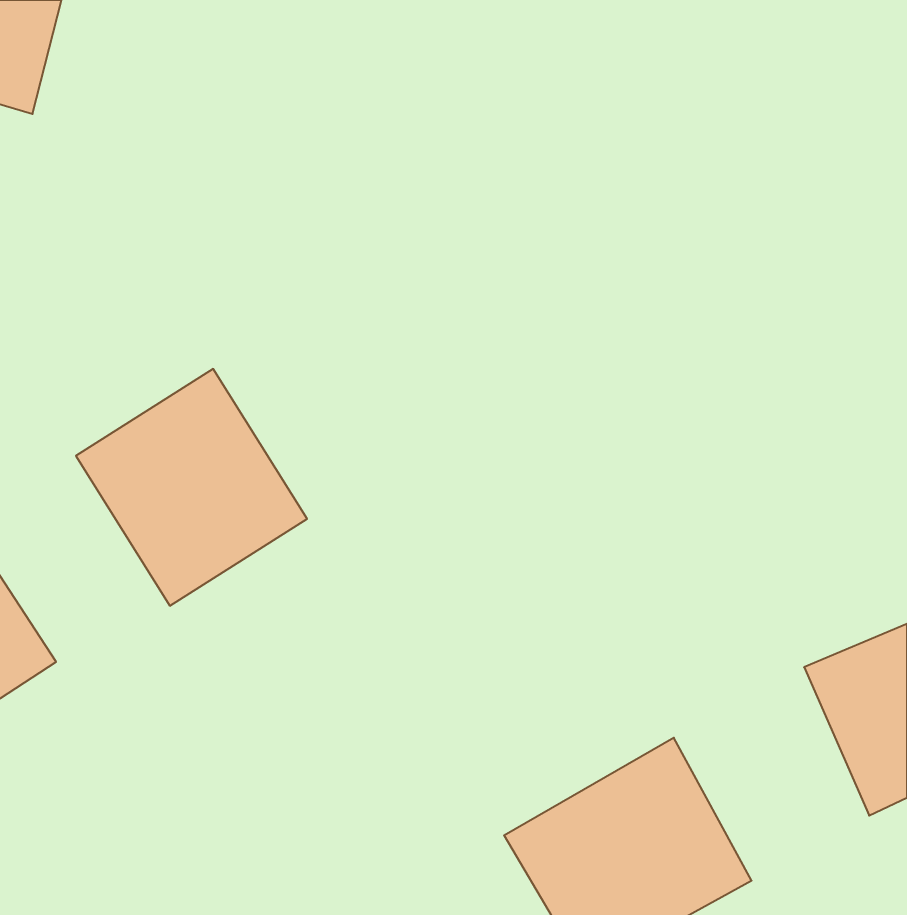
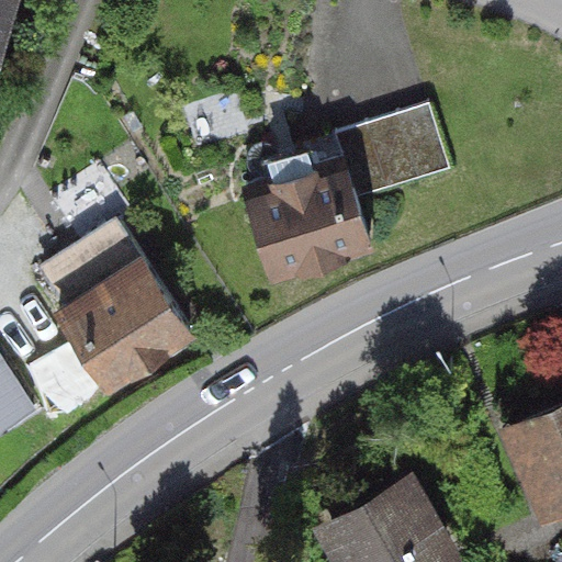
building: none -> [344,109,443,205]
building: none -> [237,173,364,292]

